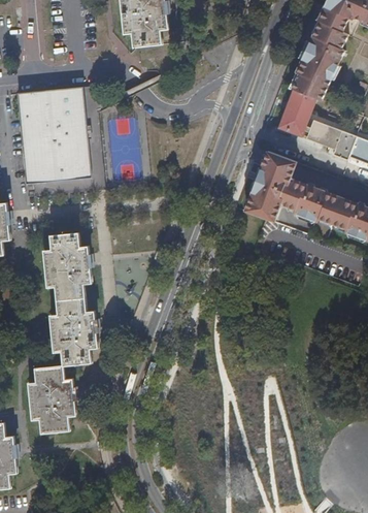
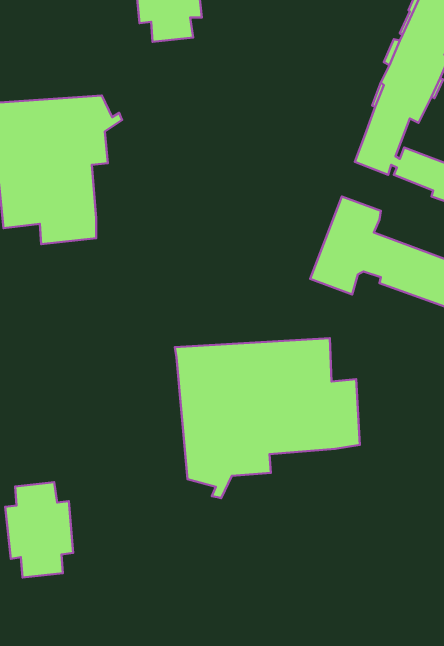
building: [42,226,97,358] -> none
building: none -> [175,338,360,498]

